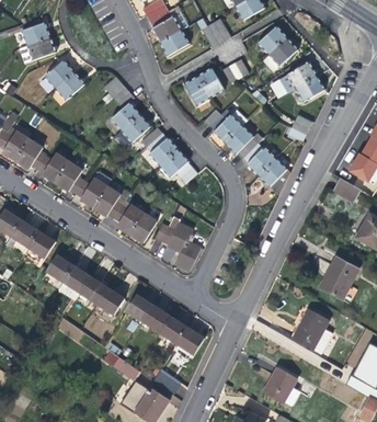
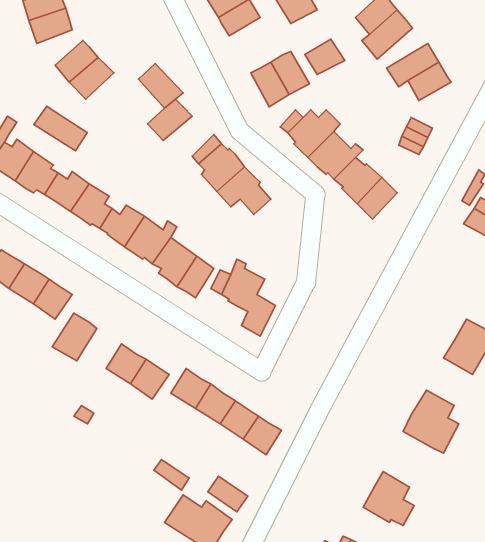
building: none -> [34,106,87,151]
building: [115,113,151,147] -> none
building: [62,264,91,293] -> none

